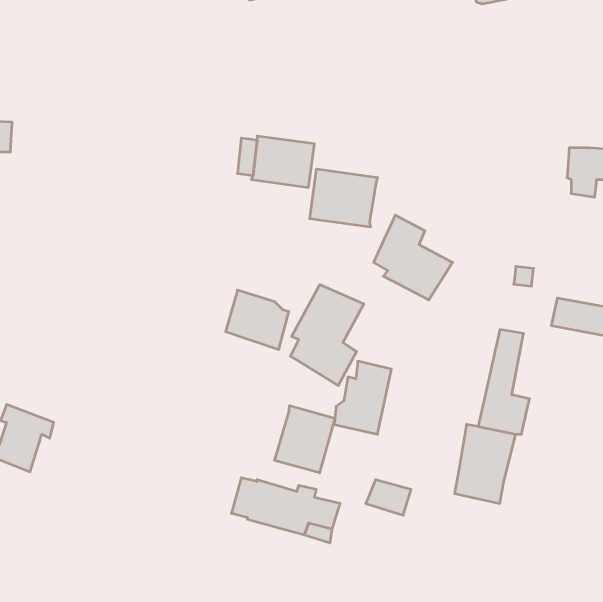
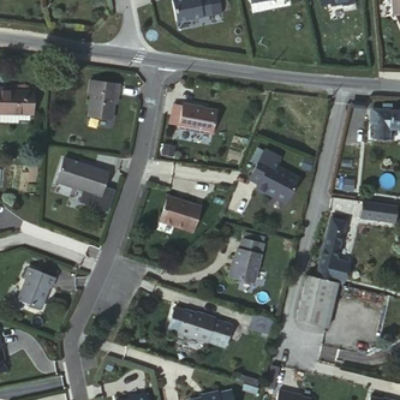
building: none -> [89,82,120,120]
building: [310,169,377,227] -> none
building: none -> [58,161,108,195]
building: [290,285,364,386] -> none
building: [274,406,335,473] -> none

